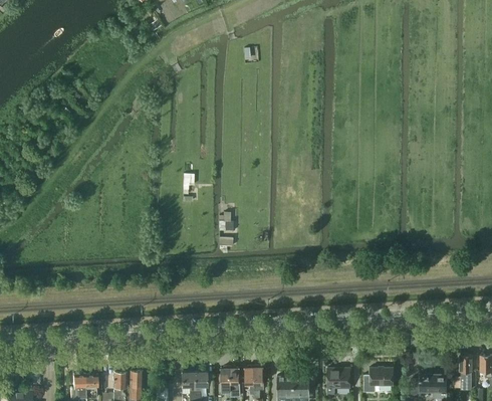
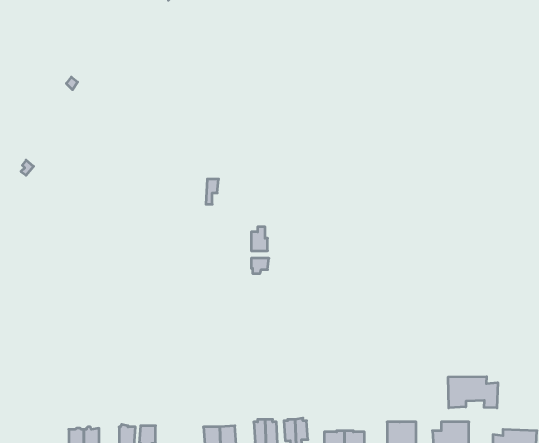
building: none -> [448,377,498,408]

